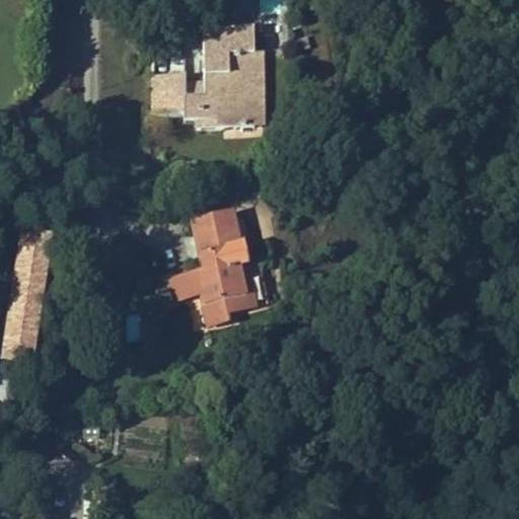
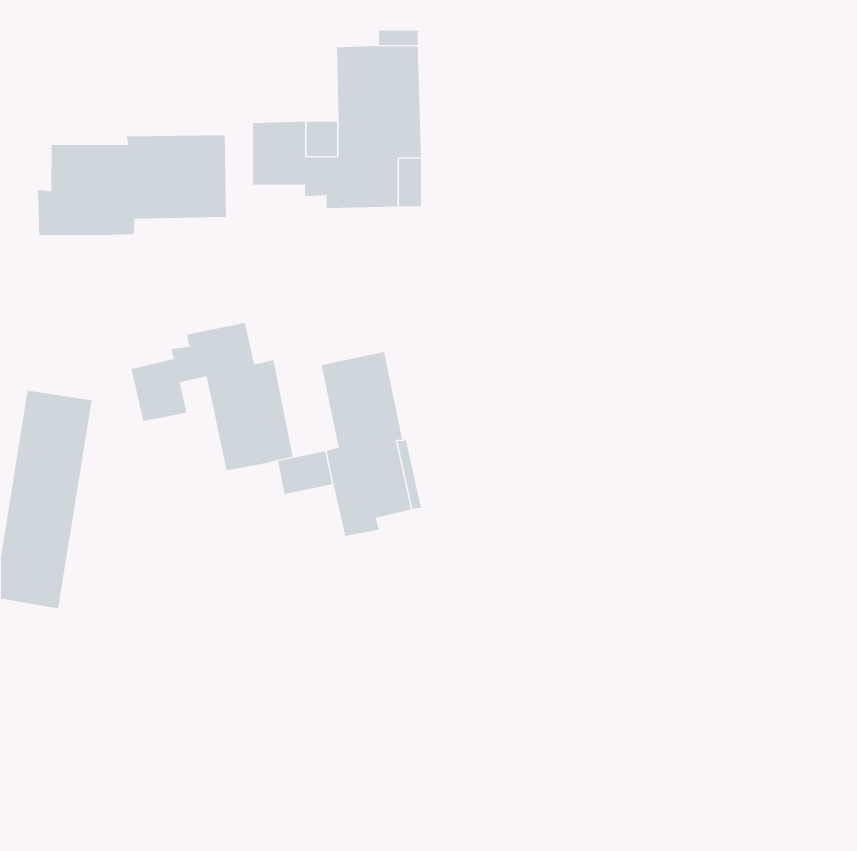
building: none -> [37,134,226,236]
building: none -> [131,322,293,471]

